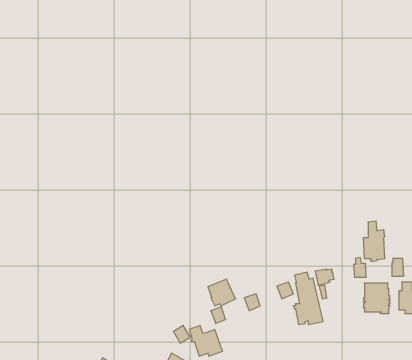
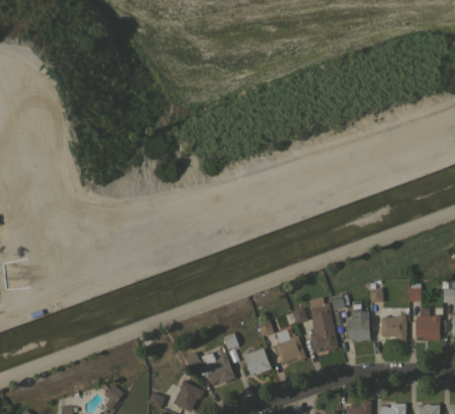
building: [363,221,385,261] -> [347,302,369,343]
building: [208,279,236,306] -> [243,349,271,376]
building: none -> [275,336,306,365]

